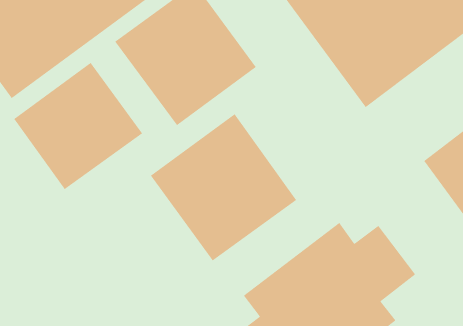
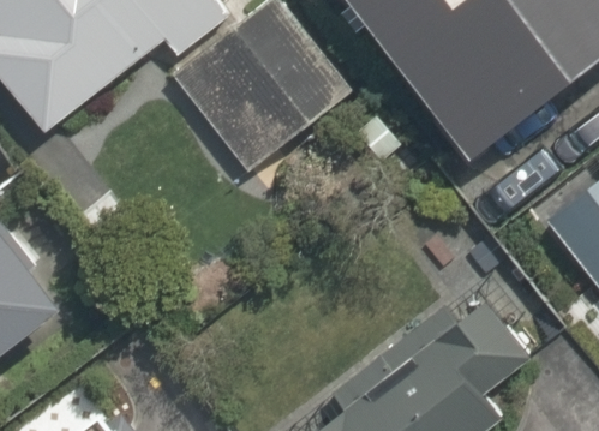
building: [13,62,143,190] -> none
building: [150,113,297,261] -> none

